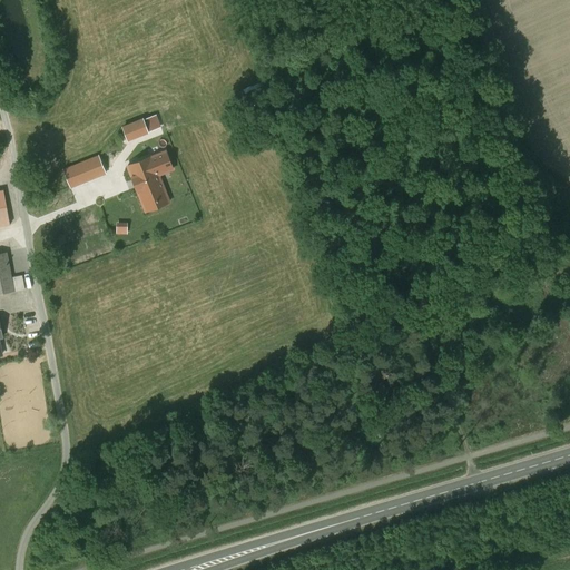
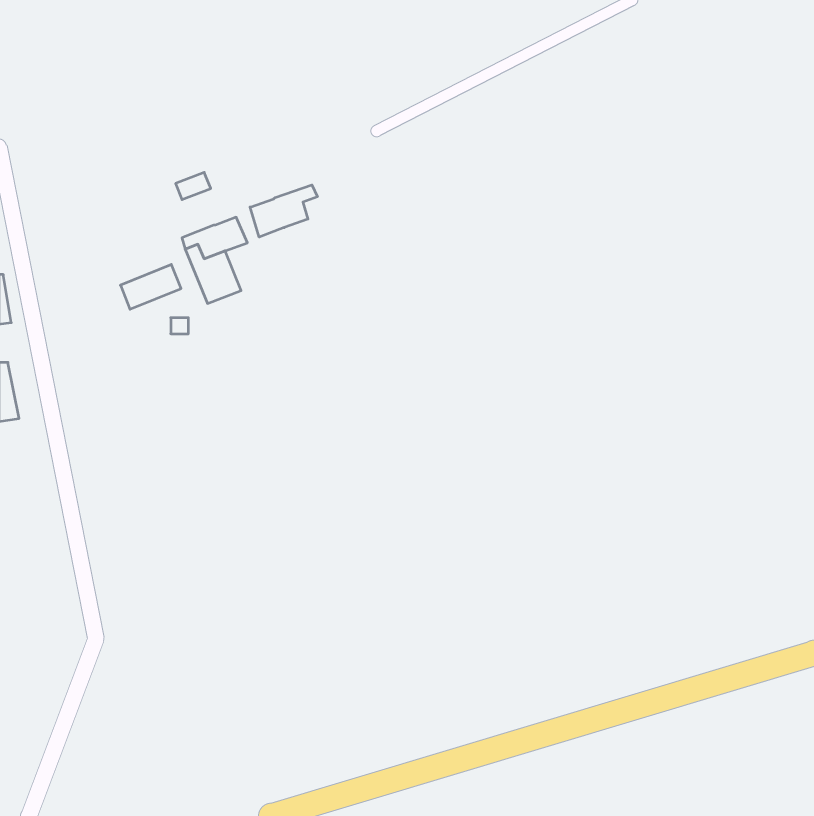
building: none -> [250,185,317,237]
building: [62,156,105,187] -> [120,264,181,309]

